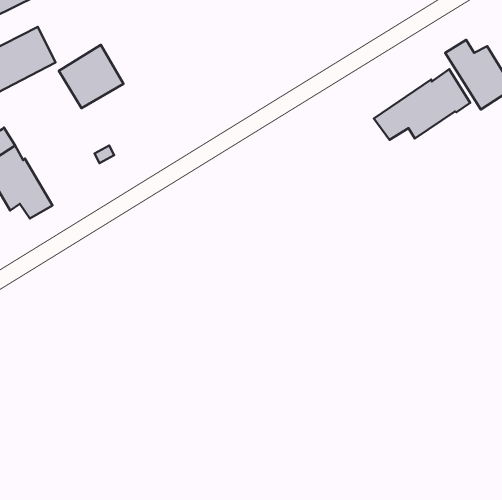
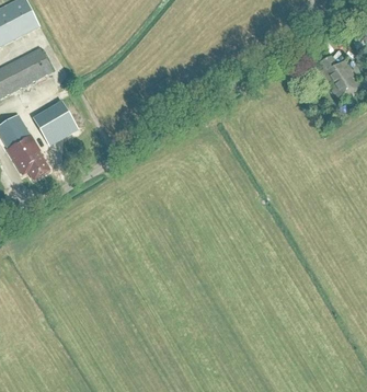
building: [59,45,124,108] -> [33,103,77,146]
building: [374,69,470,140] -> none

